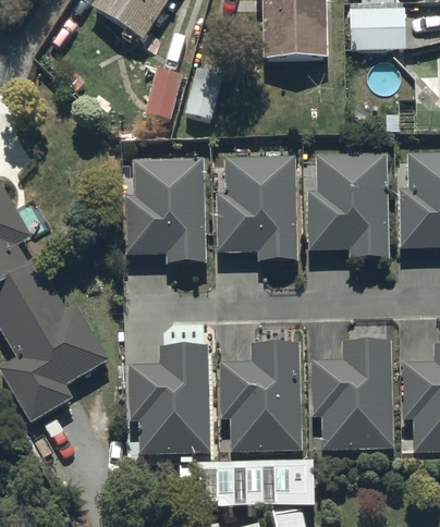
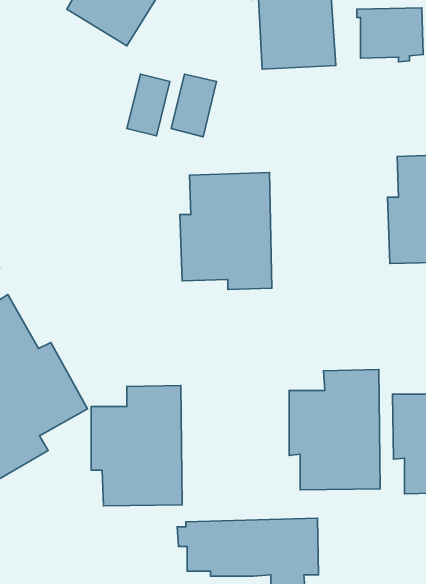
building: [284,142,366,246] -> none
building: [102,160,183,265] -> none
building: [197,333,278,440] -> none

